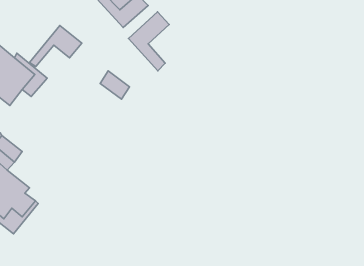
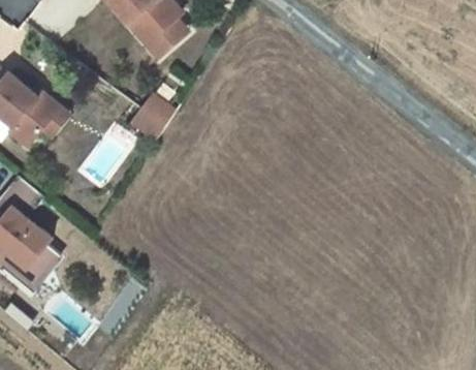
building: [129,12,169,71] -> none
building: [29,26,82,66] -> none

